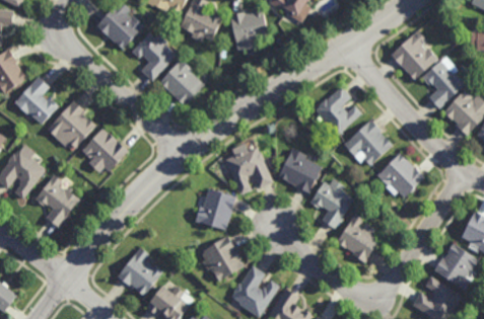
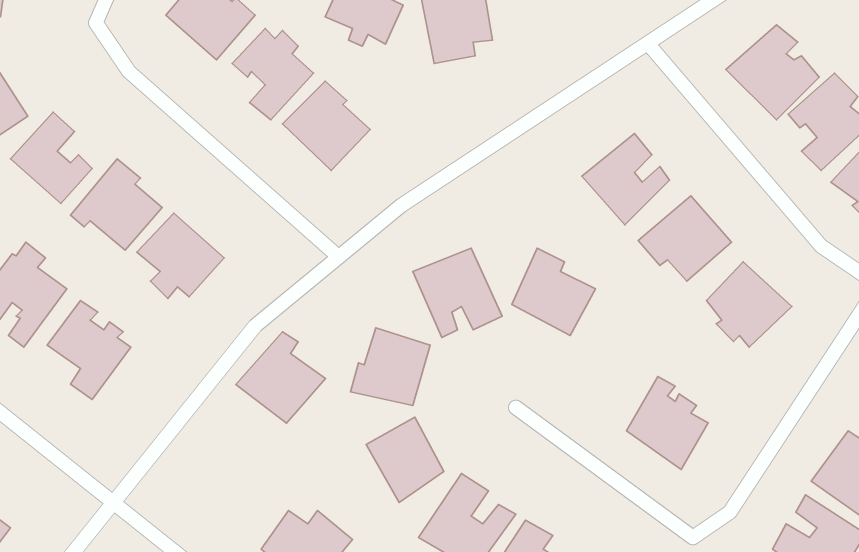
building: [310,179,353,230] -> none
building: [116,248,162,296] -> [236,332,325,423]

